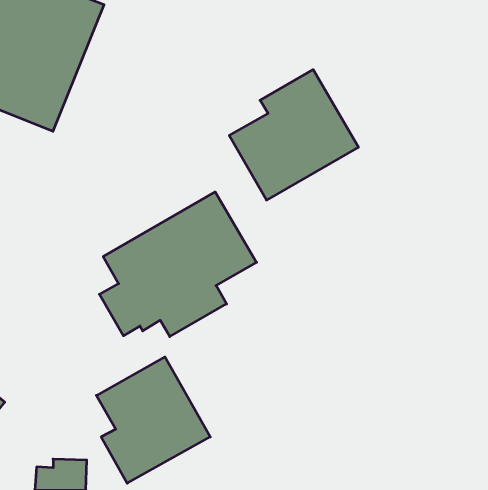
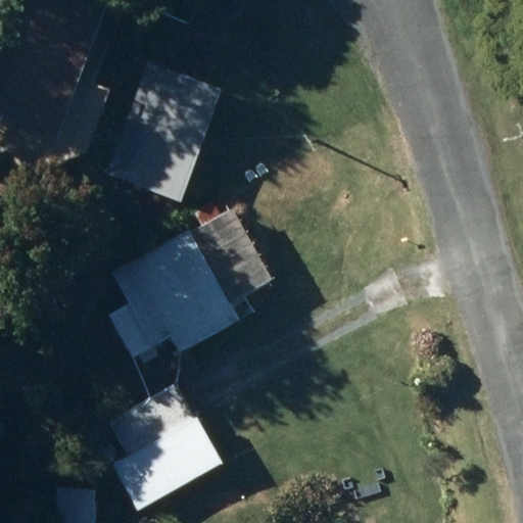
building: none -> [101,58,223,202]
building: [229,70,358,200] -> none

